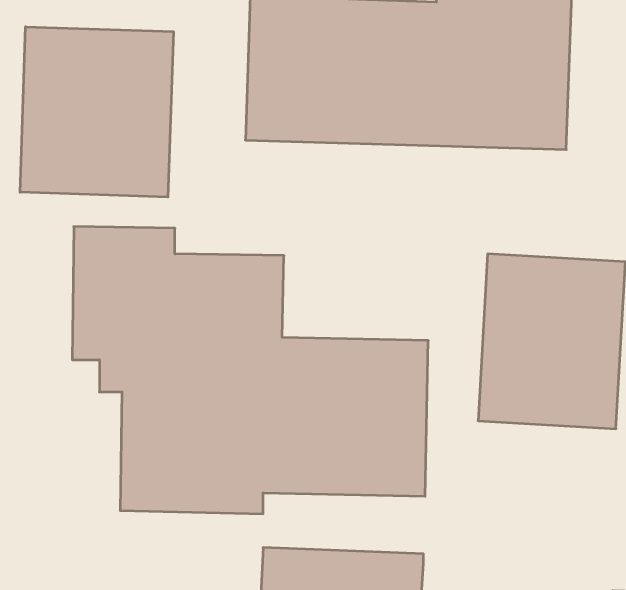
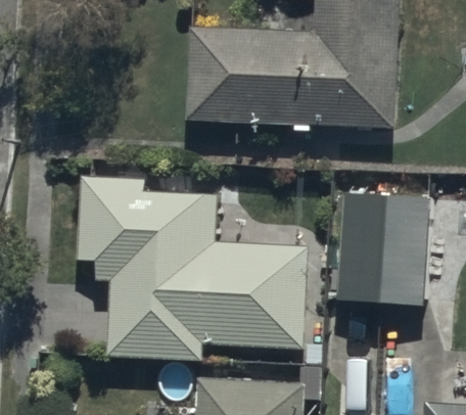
building: [20,27,173,197] -> none

